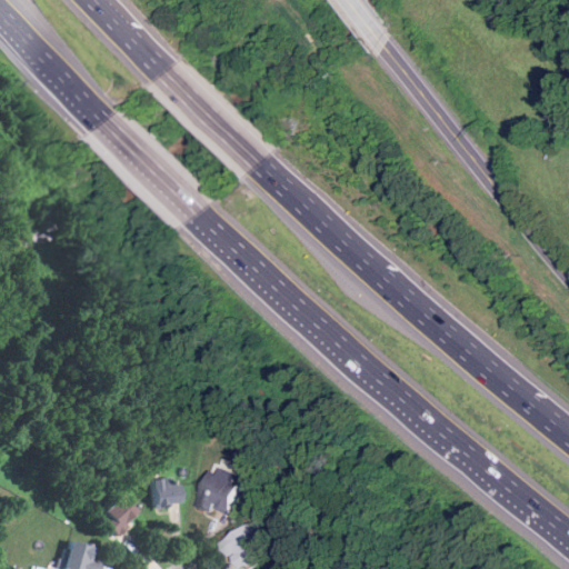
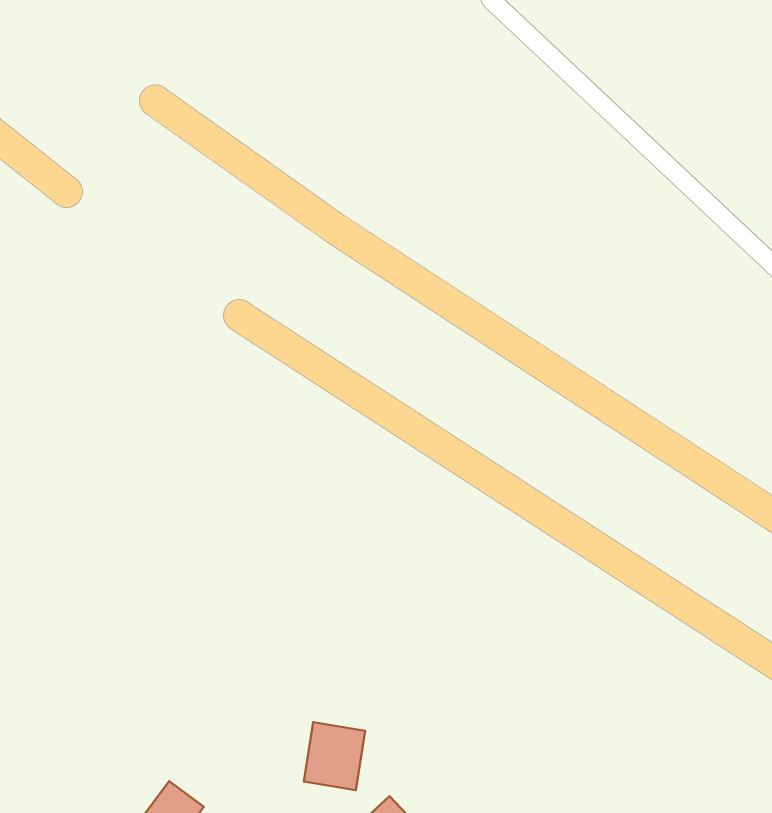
building: [149,476,182,508] -> none

